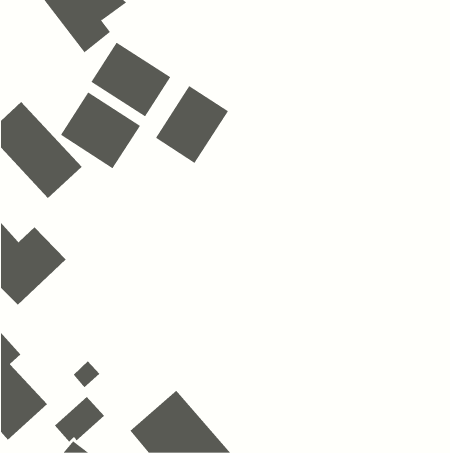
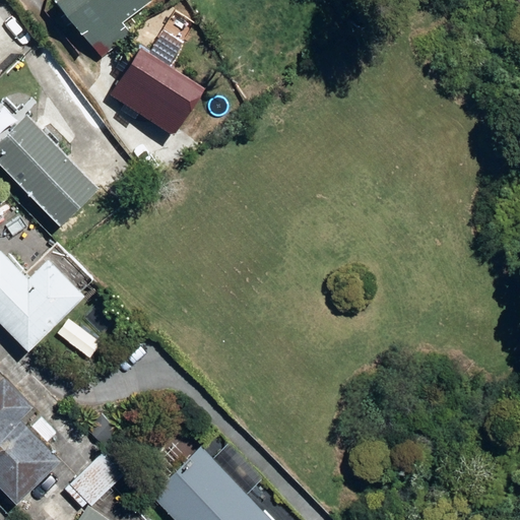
building: [155,85,229,164] -> none
building: [60,92,141,169] -> none

